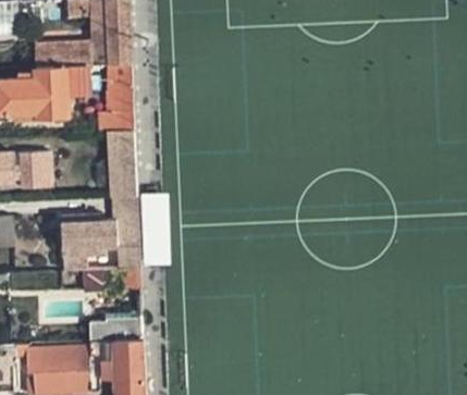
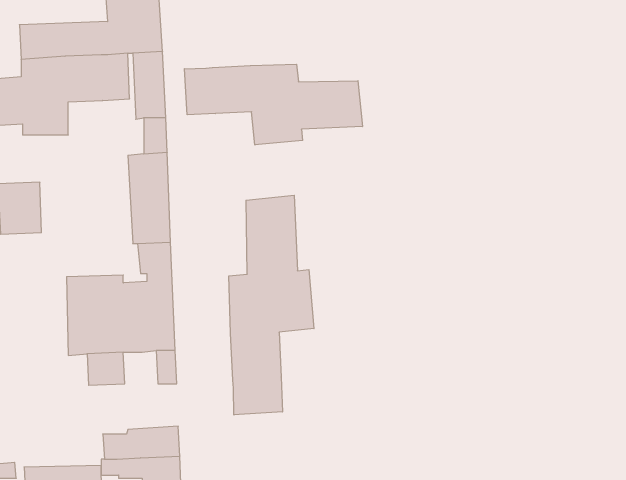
building: none -> [184,64,362,145]
building: none -> [229,195,314,415]

